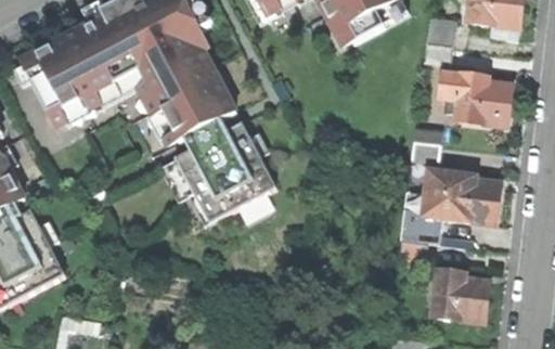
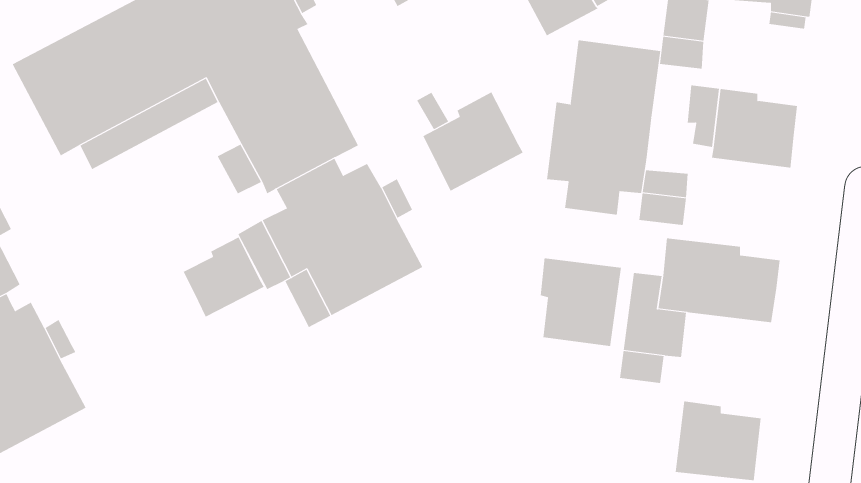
building: none -> [546,40,661,215]
building: none -> [422,91,524,191]
building: none -> [183,236,264,318]
building: none -> [540,258,622,347]

